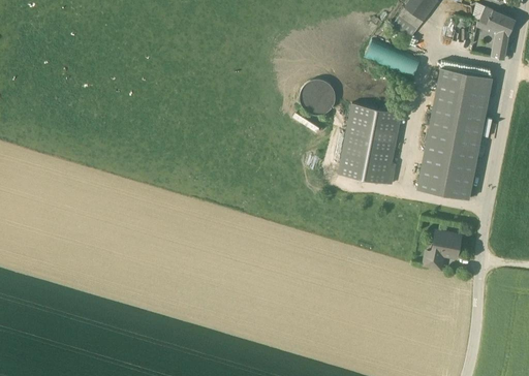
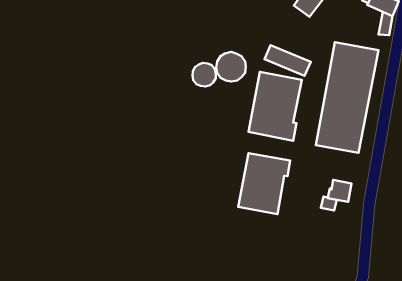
building: [365,39,419,75] -> [264,45,311,76]
building: none -> [192,63,216,87]
building: none -> [238,153,290,214]

